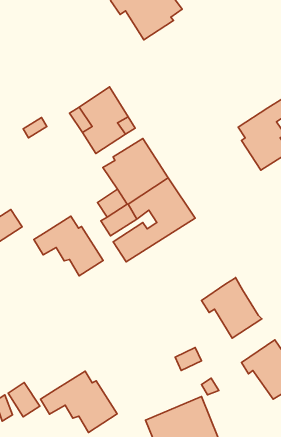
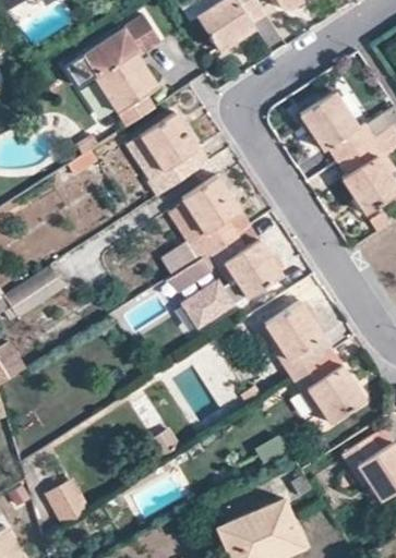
building: none -> [63,14,160,126]
building: none -> [298,92,373,161]
building: [34,216,103,276] -> none
building: none -> [263,300,332,377]
building: [40,371,117,432] -> none

